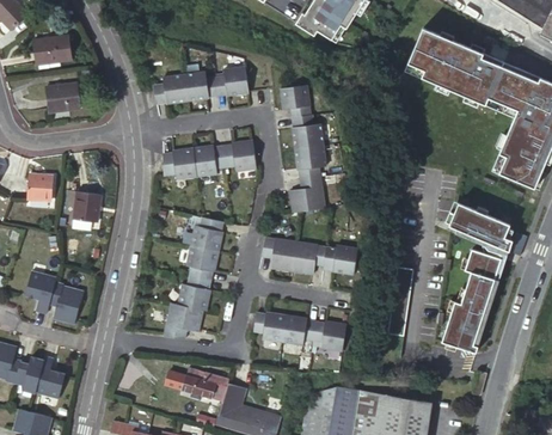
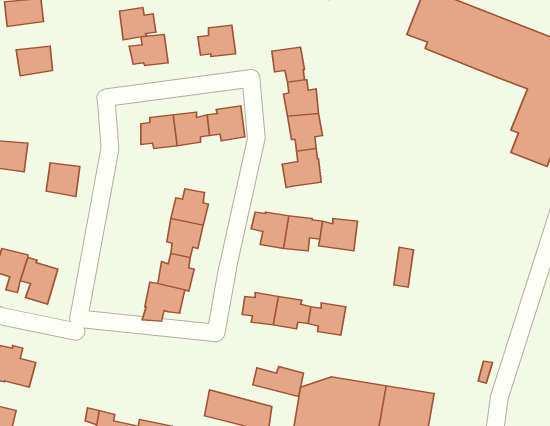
building: [182,69,215,99] -> [119,7,156,40]
building: [443,206,523,355] -> none
building: [182,372,228,399] -> [253,367,304,396]

